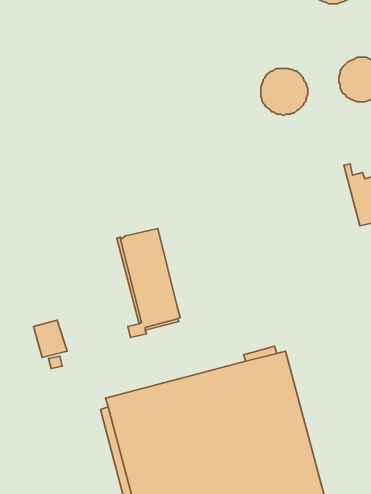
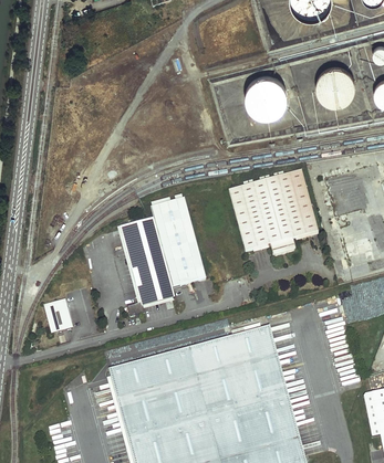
building: none -> [229,171,318,256]
building: none -> [152,200,207,288]

